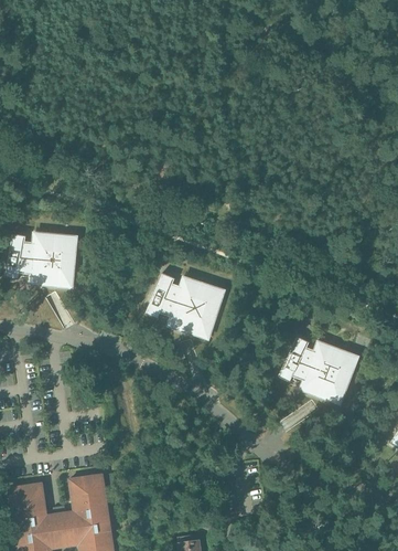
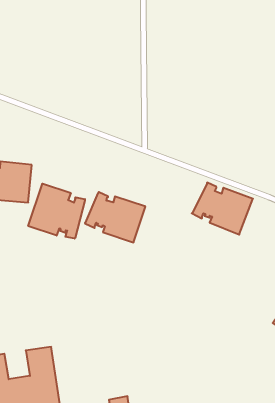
building: none -> [28,184,85,239]
building: [278,337,357,404] -> [192,183,253,235]

